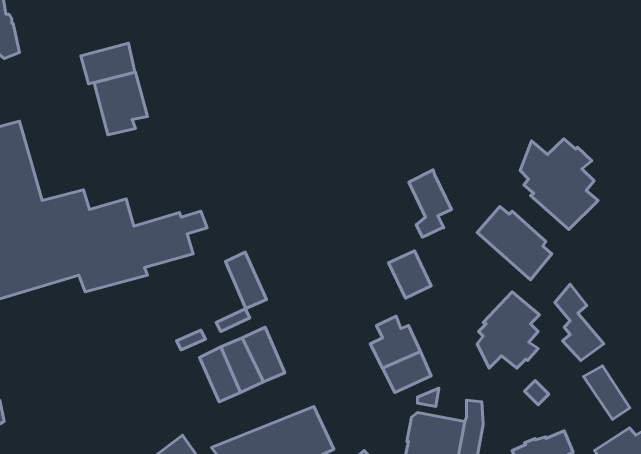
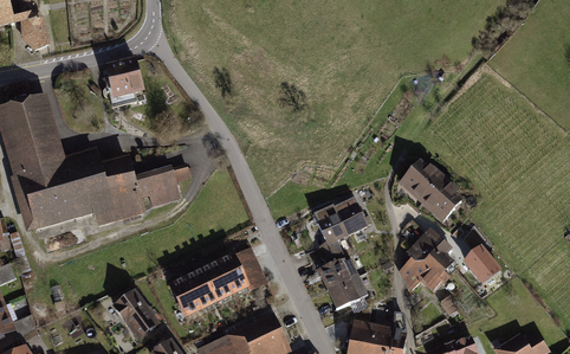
building: [81,43,135,84] -> none
building: [520,139,598,229] -> none
building: [409,170,451,237] -> [313,201,346,253]
building: [225,252,267,309] -> [238,247,270,291]
building: none -> [169,278,202,321]
building: [584,366,630,420] -> none
building: none -> [114,290,161,340]

